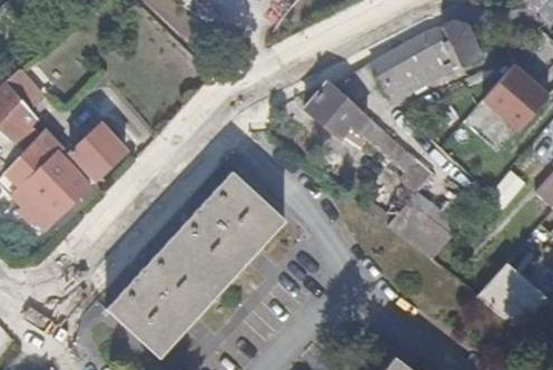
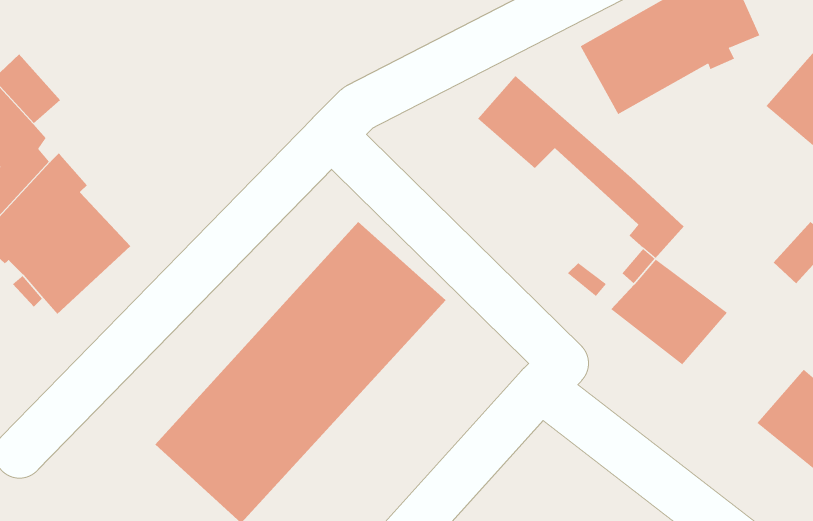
building: [69,121,128,183] -> none

